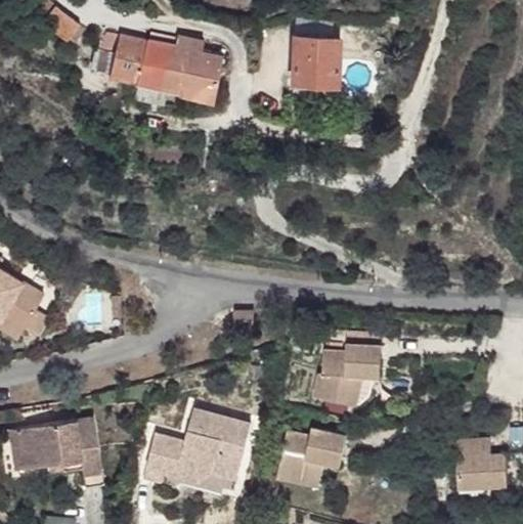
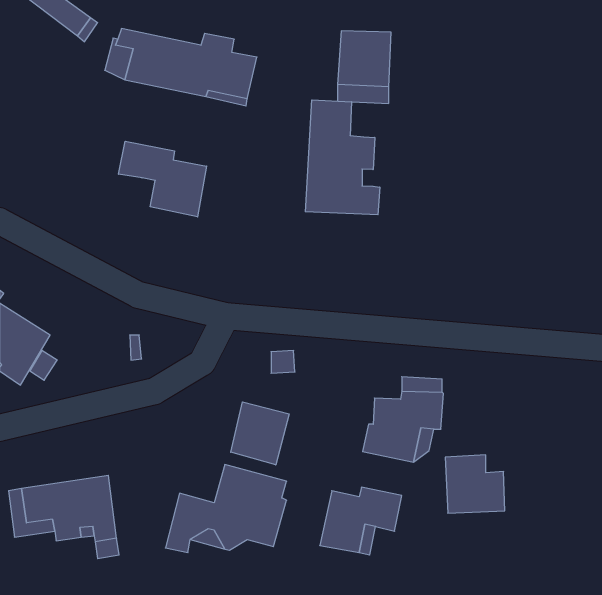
building: none -> [305,100,380,215]
building: none -> [119,141,207,217]
building: none -> [231,402,289,465]
building: [456,438,508,488] -> [445,455,505,513]

